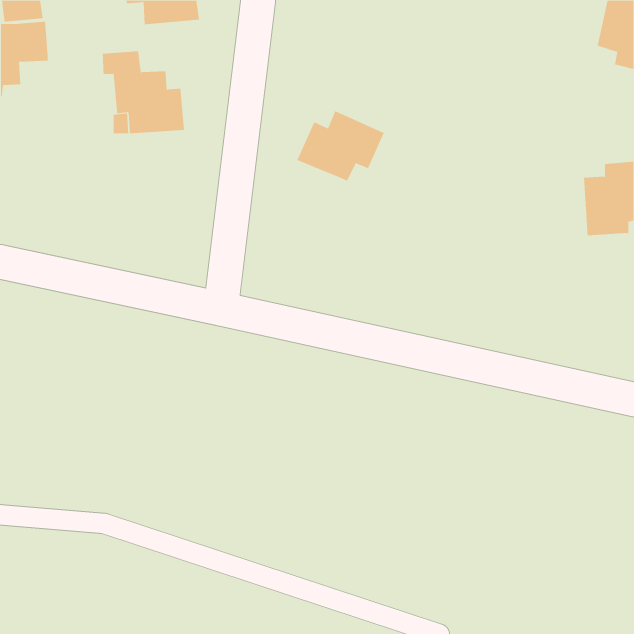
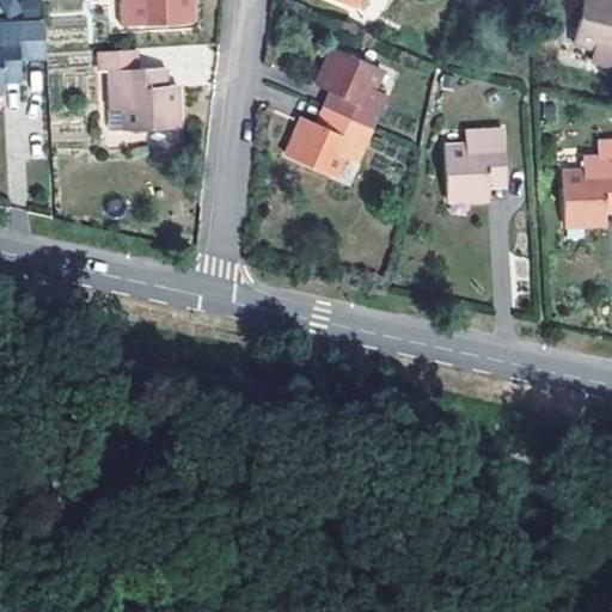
building: none -> [316,48,386,128]
building: none -> [445,131,504,201]

